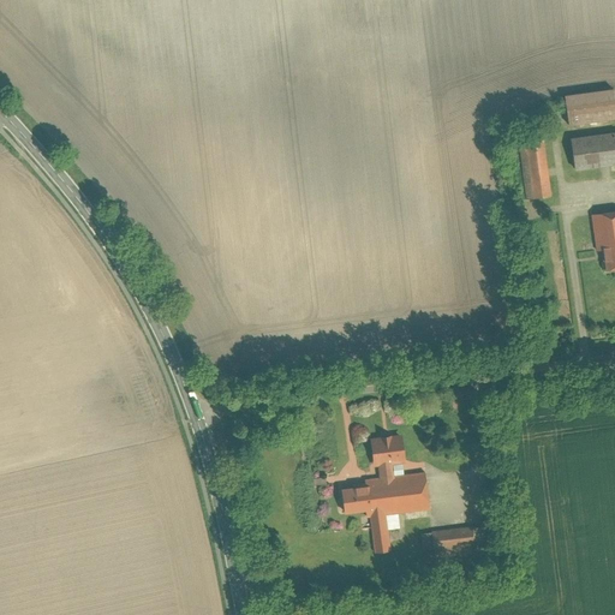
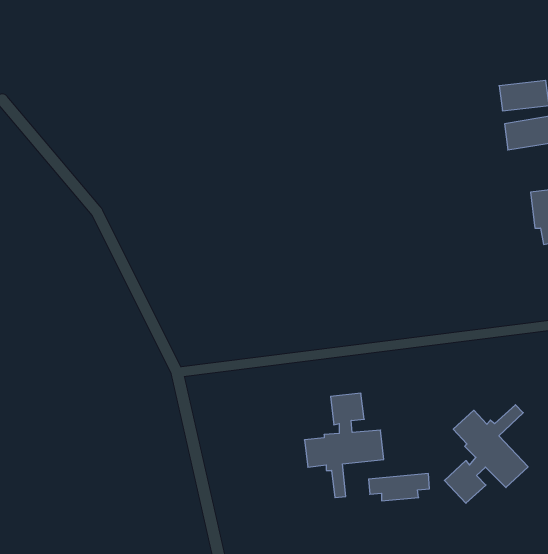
building: [514,139,547,198] -> none
building: none -> [444,405,528,503]

